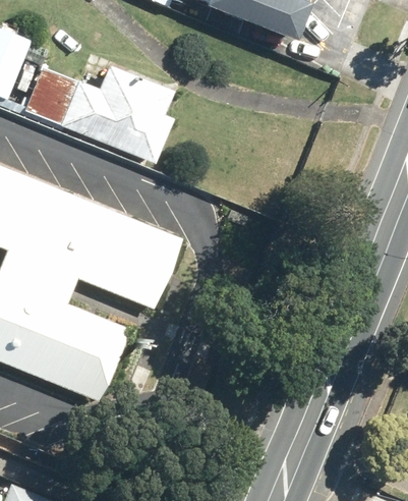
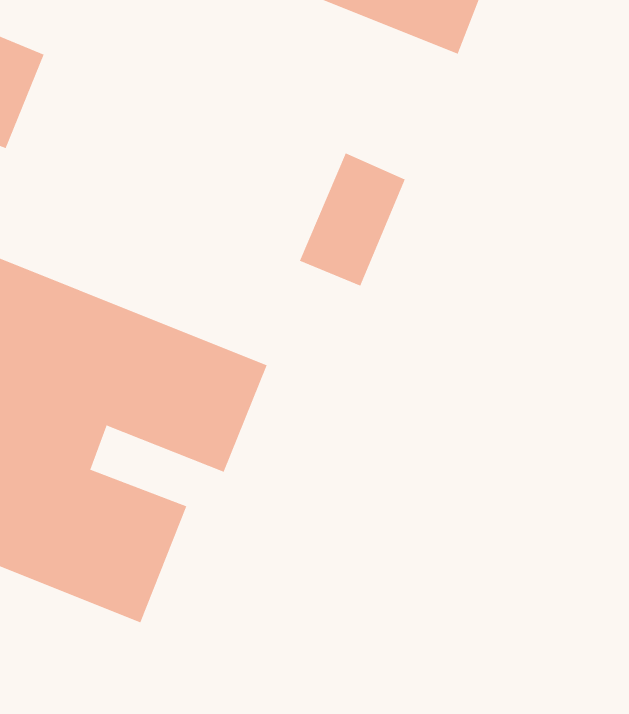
building: [26,53,177,164] -> none
building: none -> [299,153,406,287]

